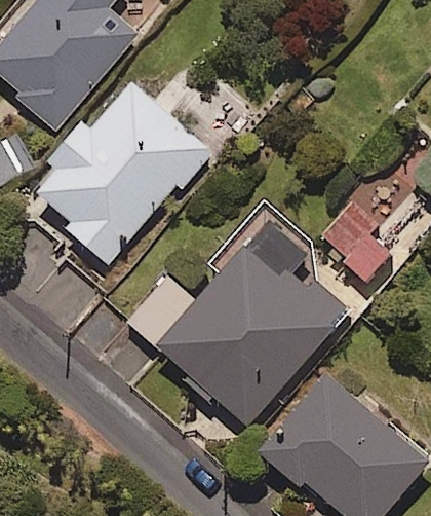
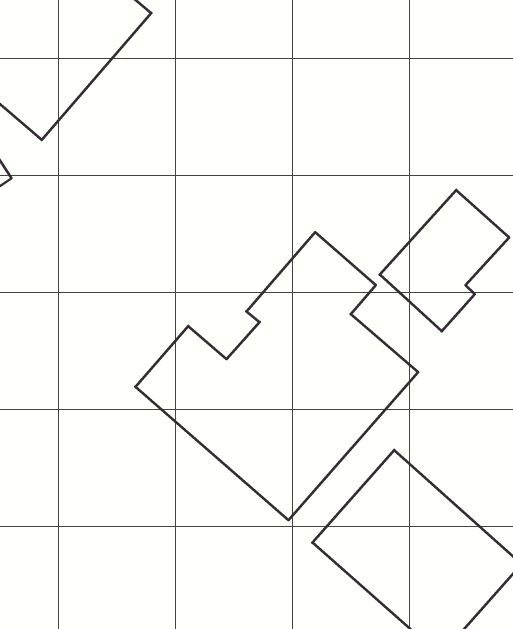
building: [32,81,207,263] -> none

